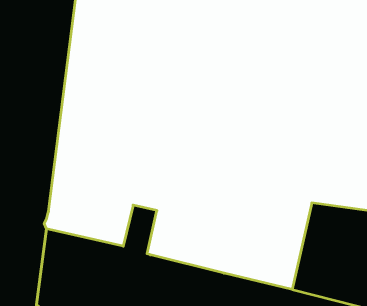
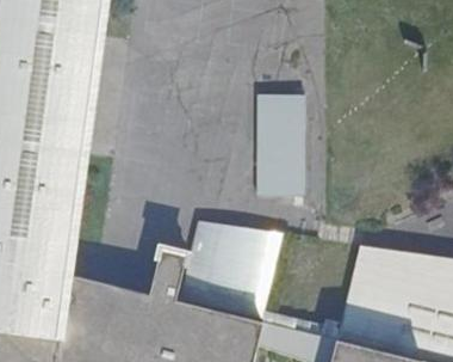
building: none -> [256,97,306,200]
building: none -> [181,220,284,321]

